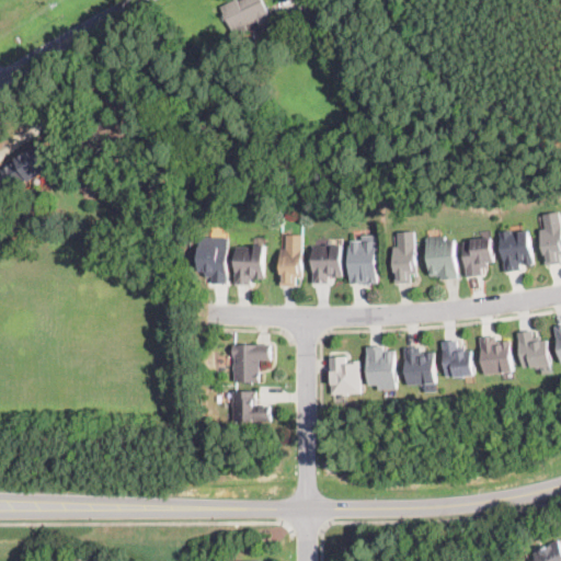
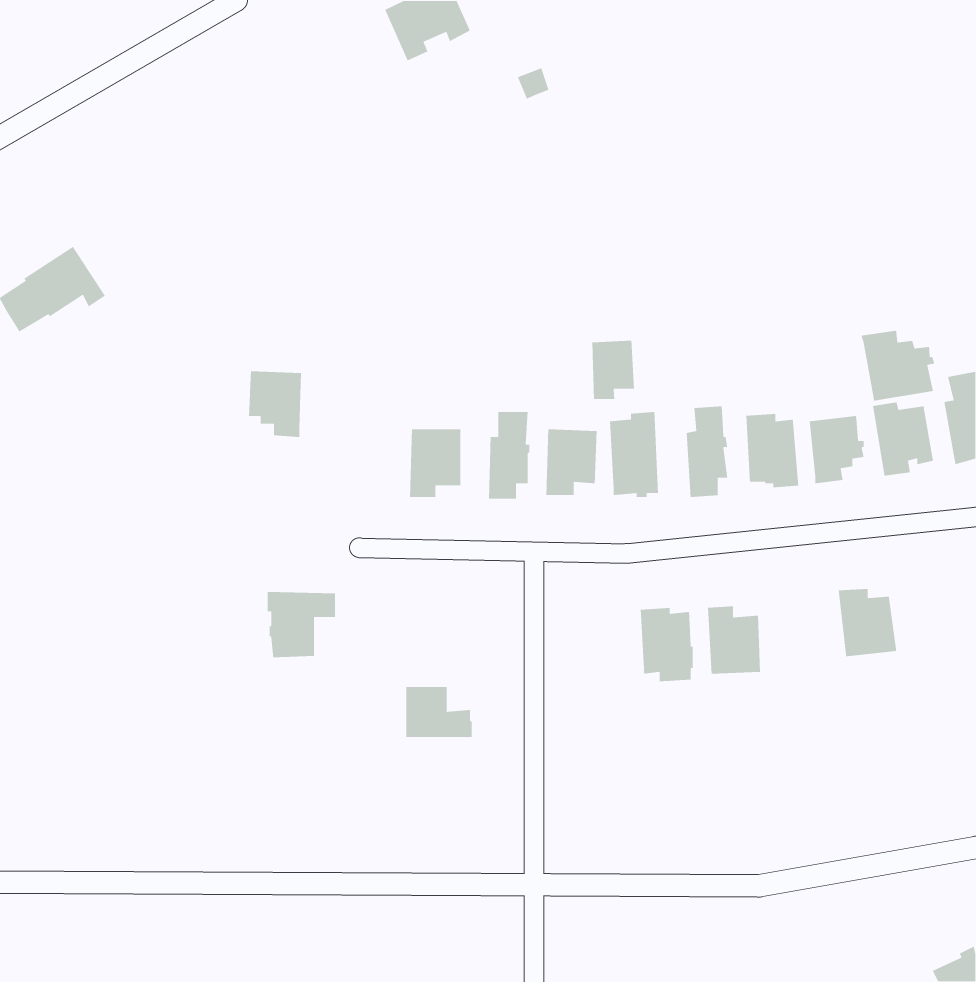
building: none -> [860,330,935,401]
building: none -> [592,340,635,400]
building: [196,245,227,284] -> [248,371,302,438]
building: [516,329,550,368] -> none
building: [440,341,472,377] -> none
building: [230,344,270,382] -> [267,591,336,658]
building: [329,356,359,393] -> none

